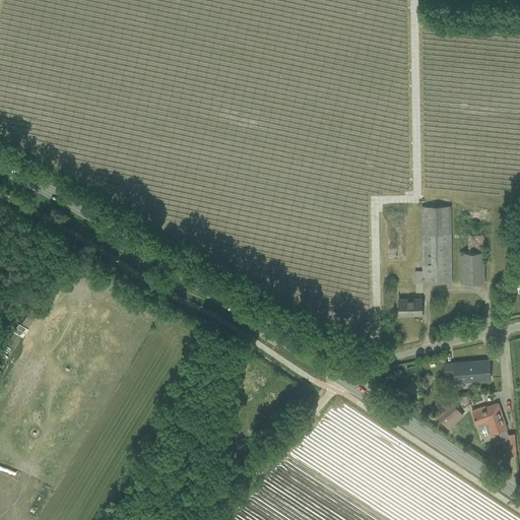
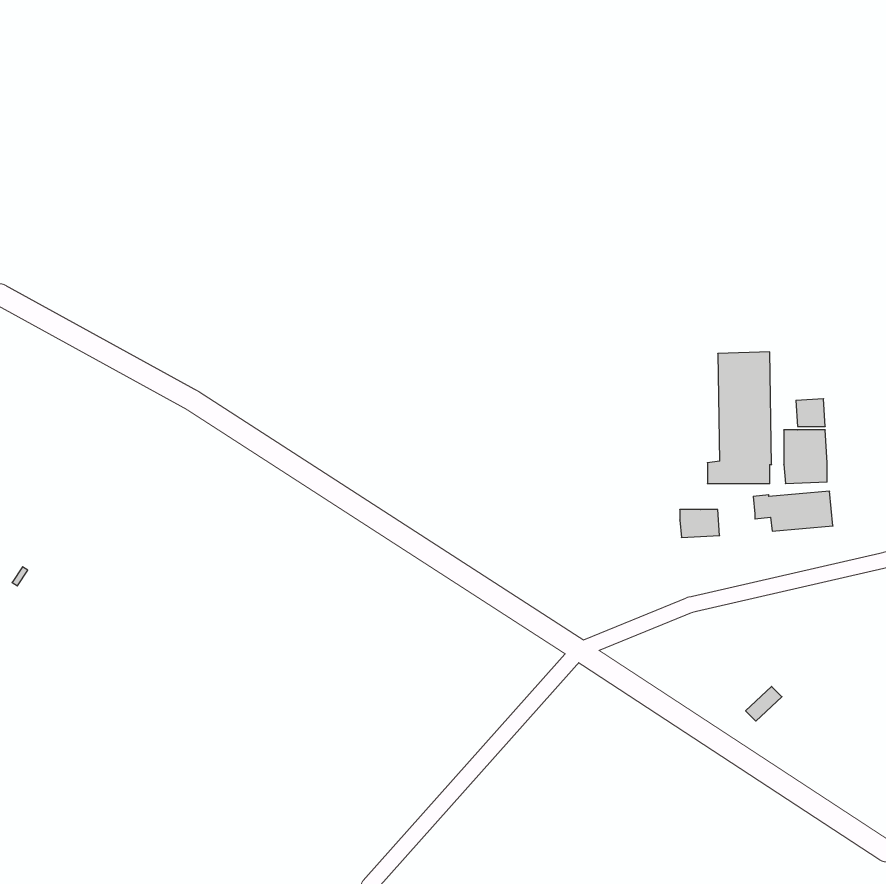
building: [444,361,491,384] -> [753,491,833,531]
building: [472,404,515,458] -> none

